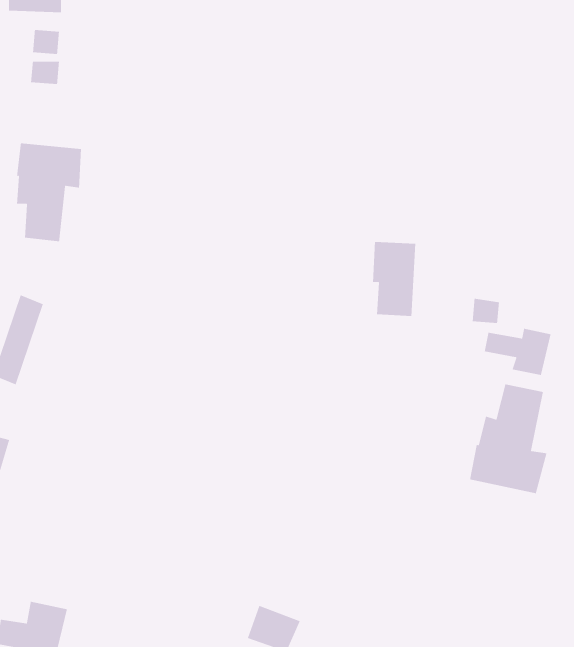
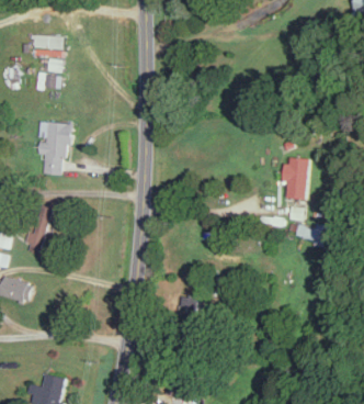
building: [372,241,416,317] -> [283,158,307,200]
building: [469,384,547,494] -> none

